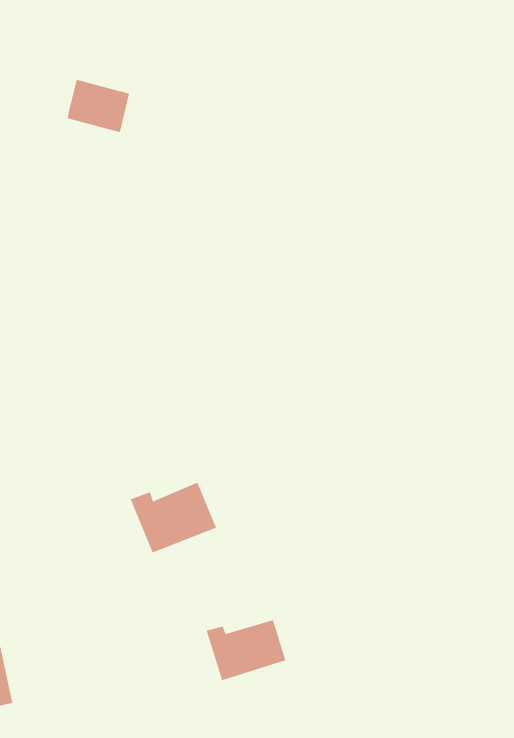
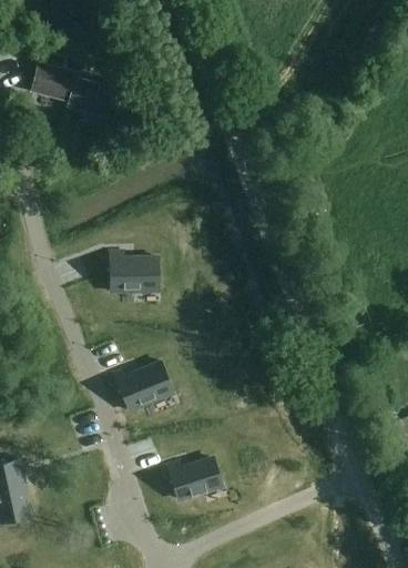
building: none -> [32,62,76,100]
building: none -> [110,251,159,292]

